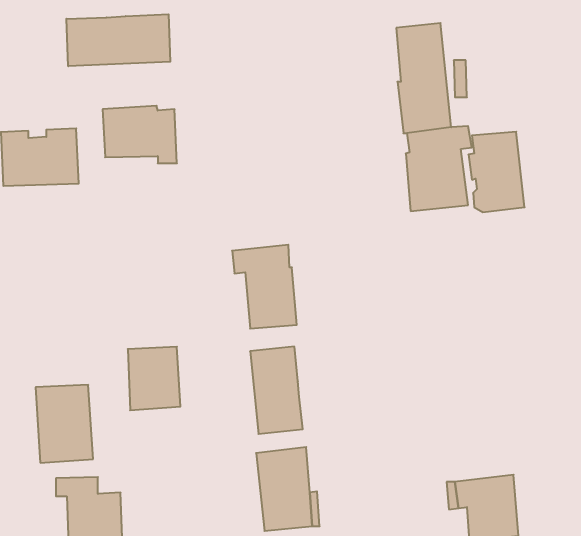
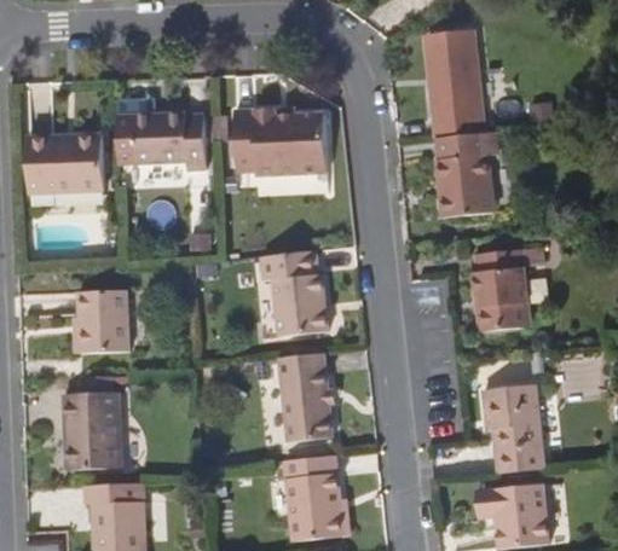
building: [66,14,170,66] -> none
building: none -> [235,109,324,174]
building: [468,132,525,212] -> [472,249,529,330]
building: [128,347,180,410] -> [76,288,129,352]
building: none -> [483,388,542,474]

